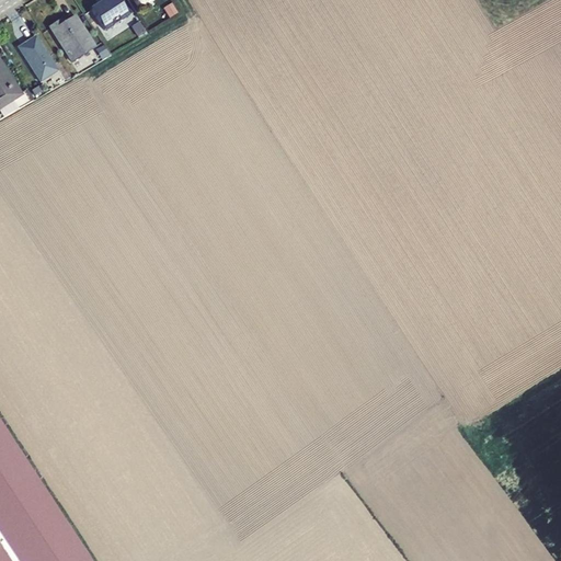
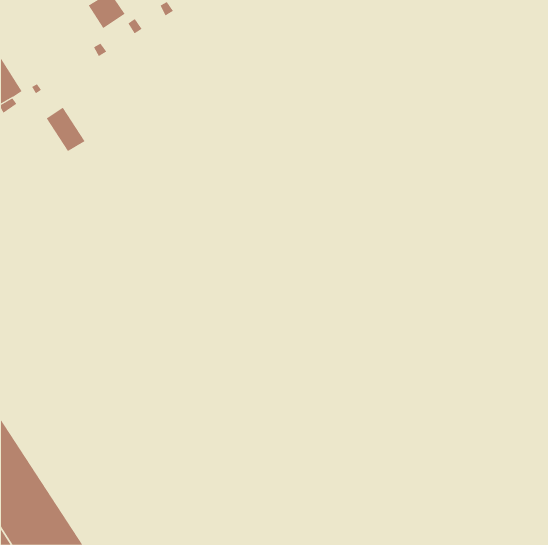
building: [48,13,95,61] -> none
building: [18,34,58,80] -> [46,107,86,152]

